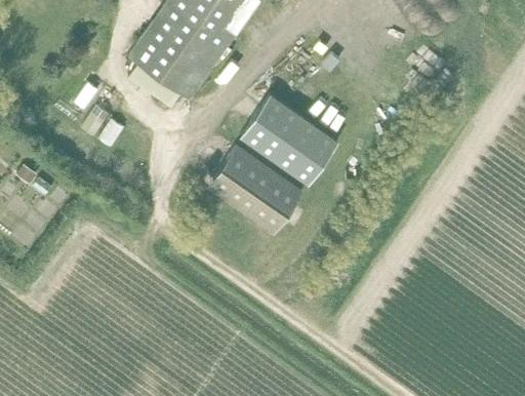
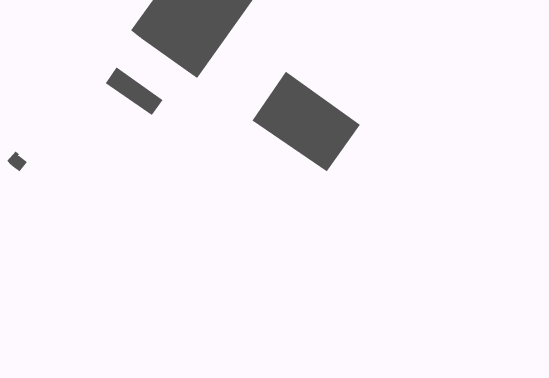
building: [128,60,181,105] -> [105,66,163,116]
building: [207,144,305,231] -> none

